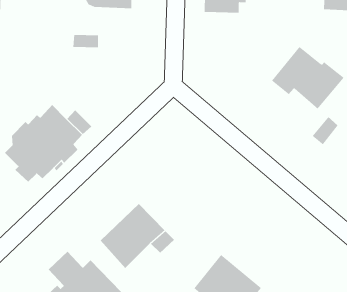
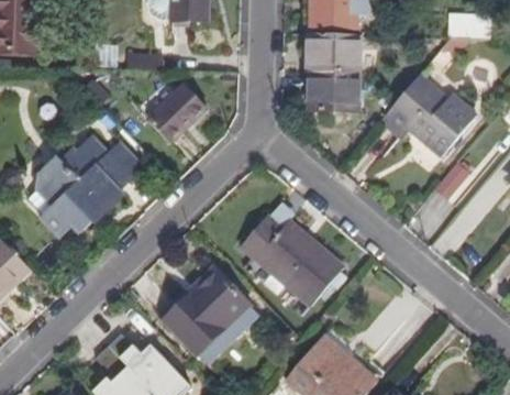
building: none -> [293,32,348,111]
building: none -> [145,85,206,144]
building: none -> [240,219,341,307]

